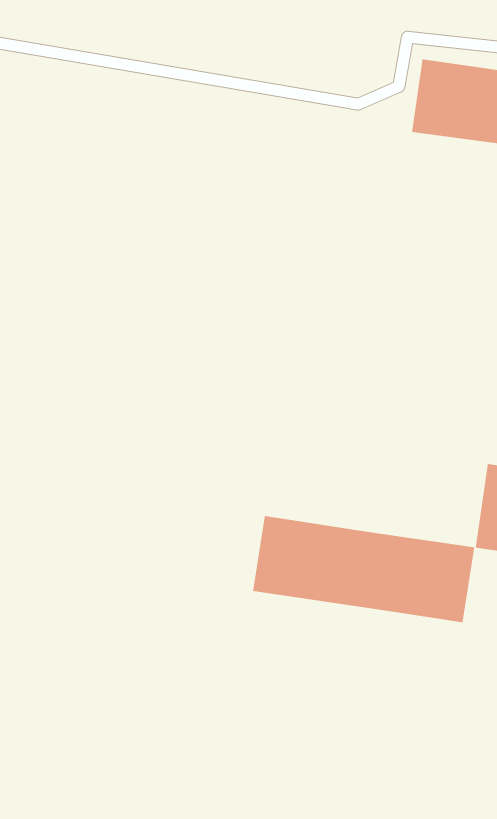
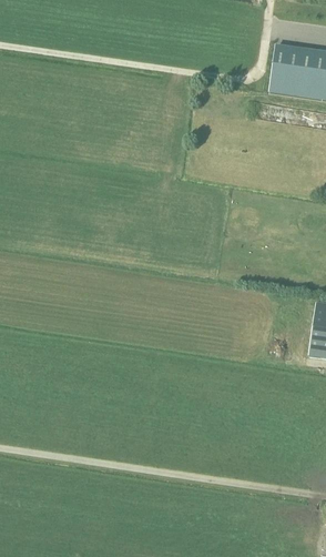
building: [252,515,475,623] -> none

